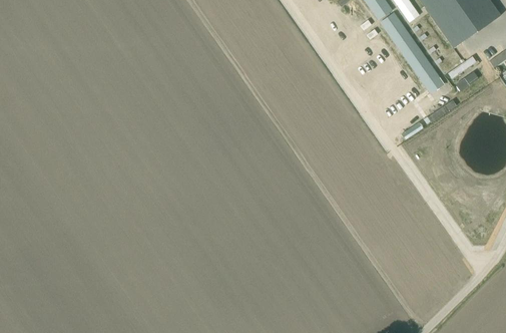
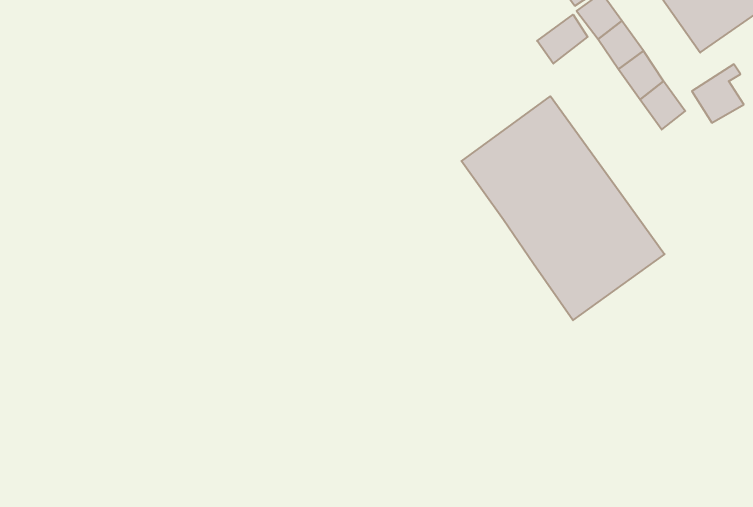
building: none -> [537,15,588,64]
building: none -> [461,96,665,320]

